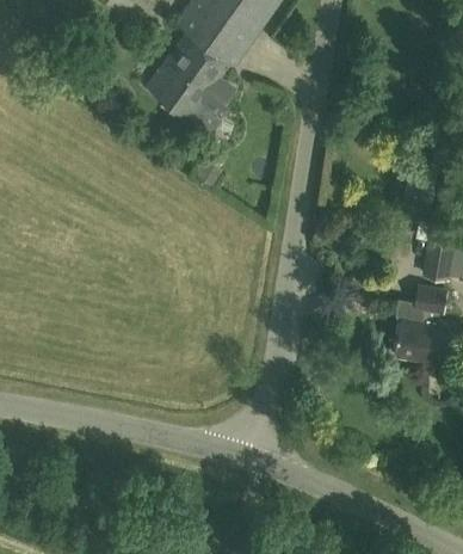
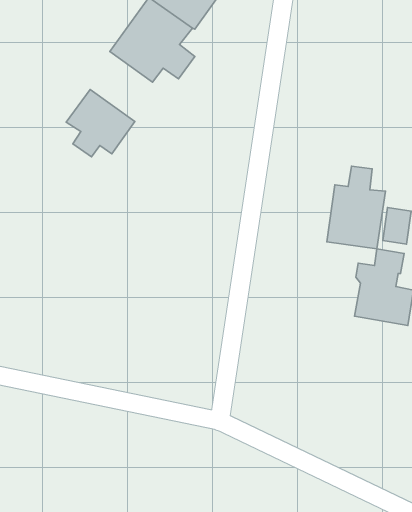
building: none -> [66,90,135,157]
building: none -> [327,166,386,249]

